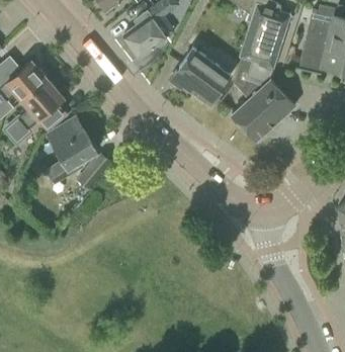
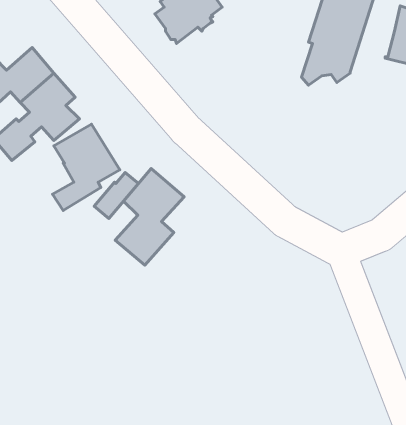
building: [171,49,231,104] -> none
building: [232,79,295,141] -> none
building: none -> [115,169,184,265]

